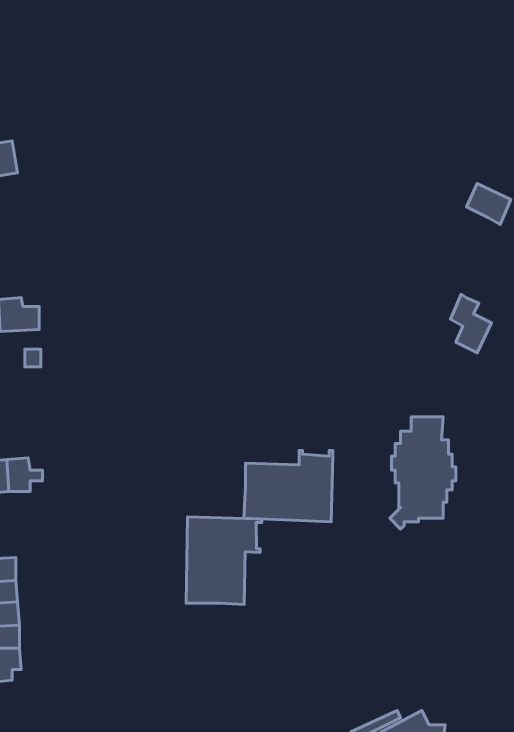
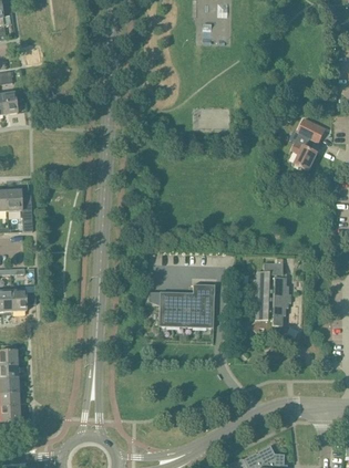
building: [450,294,491,353] -> [292,133,318,169]
building: [186,517,262,605] -> none

